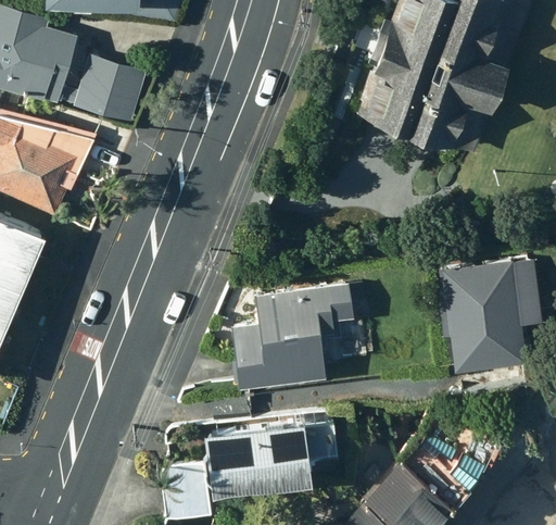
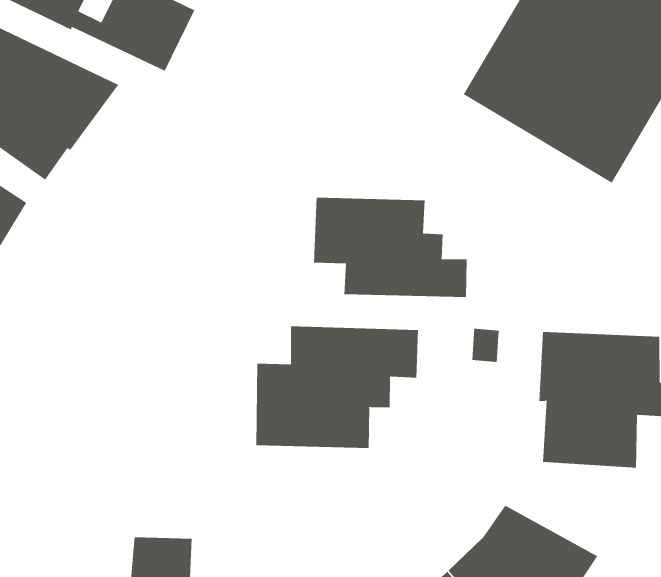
building: none -> [313,197,467,298]
building: [208,424,337,486] -> none

